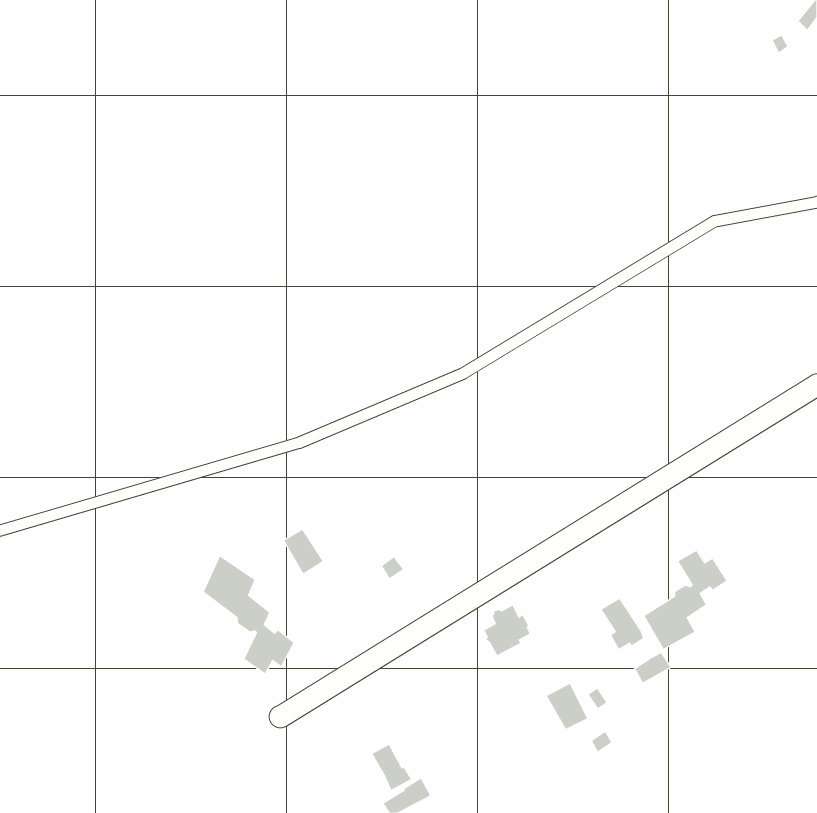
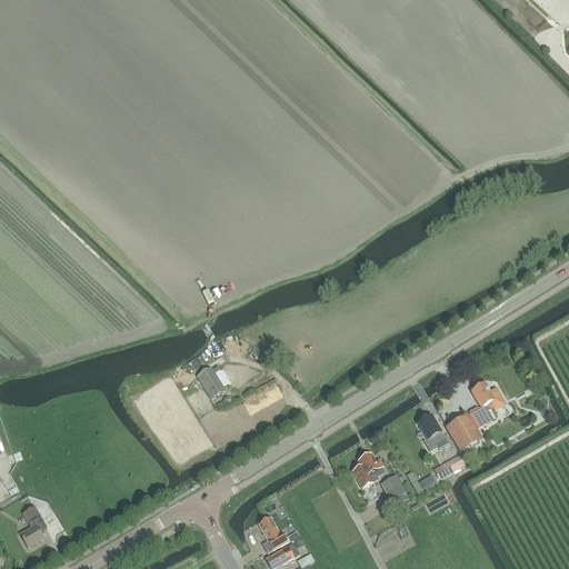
building: [203,555,294,674] -> none
building: [484,605,530,656] -> [351,451,383,487]
building: none -> [19,505,46,546]

